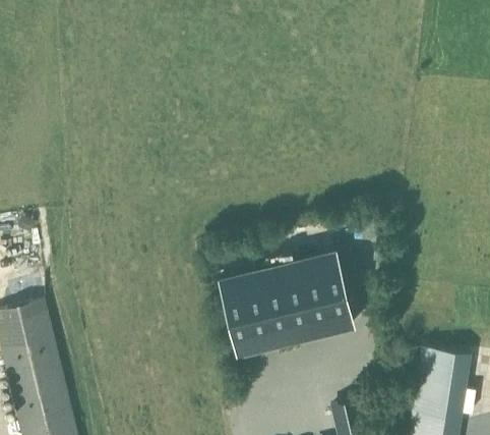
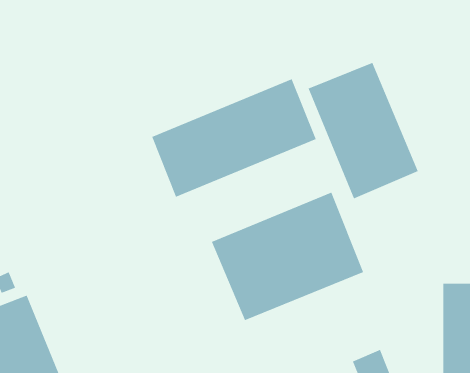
building: none -> [307,62,419,199]
building: none -> [151,78,317,198]

